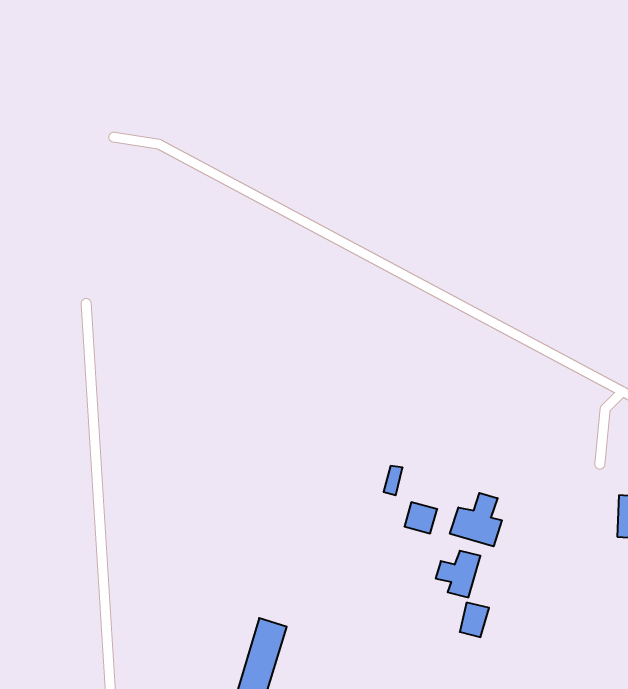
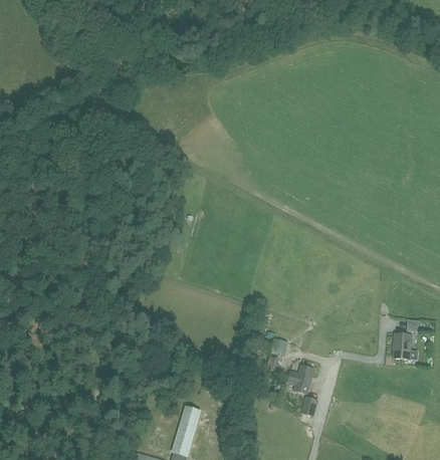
building: [450,493,502,546] -> none

